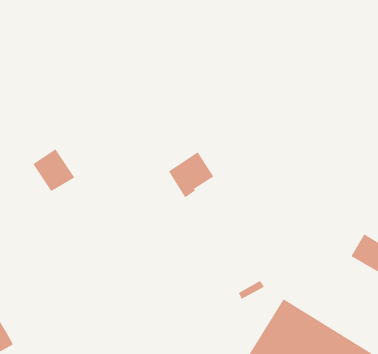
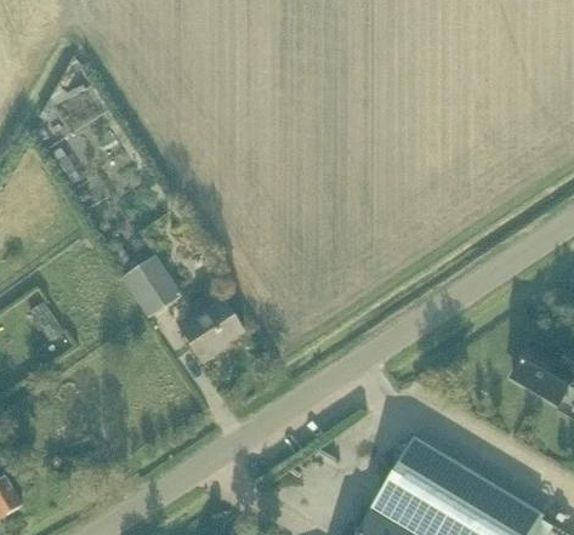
building: [33,148,75,192] -> [121,257,183,320]
building: [168,151,214,198] -> [178,298,245,366]

